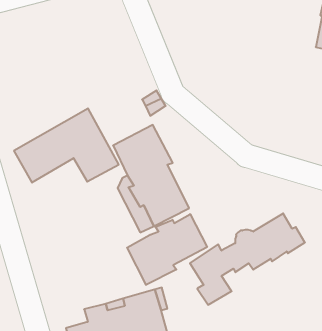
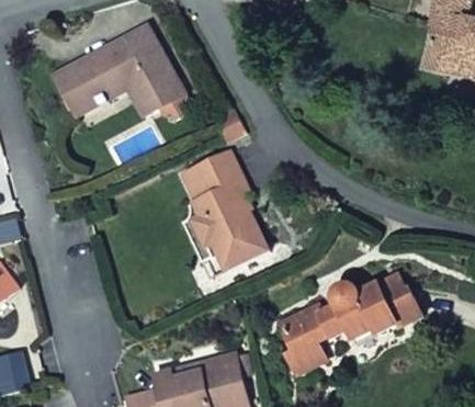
building: [14,108,119,183] -> [55,27,182,117]
building: [127,214,207,285] -> none

